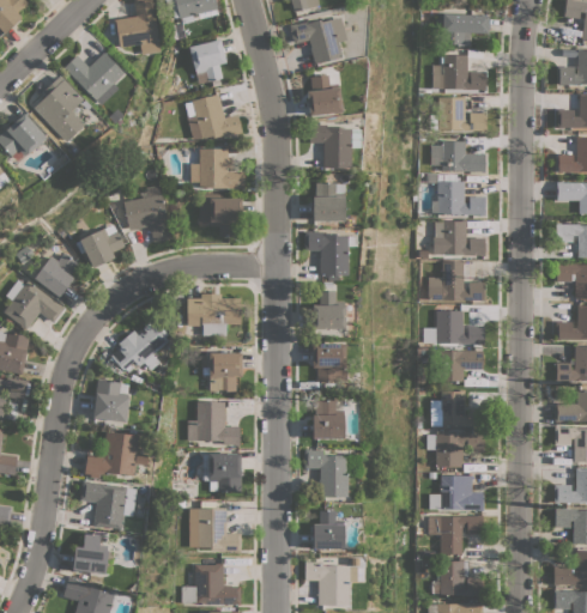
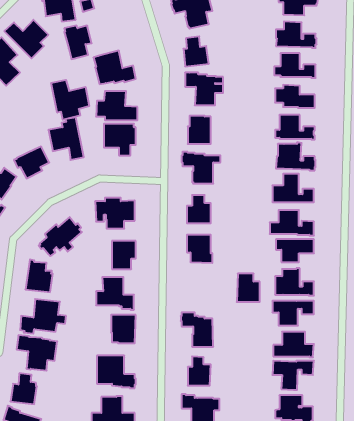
building: [189,38,226,84] -> [64,26,92,59]
building: none -> [51,80,89,120]
building: [311,400,343,438] -> [237,274,260,302]

